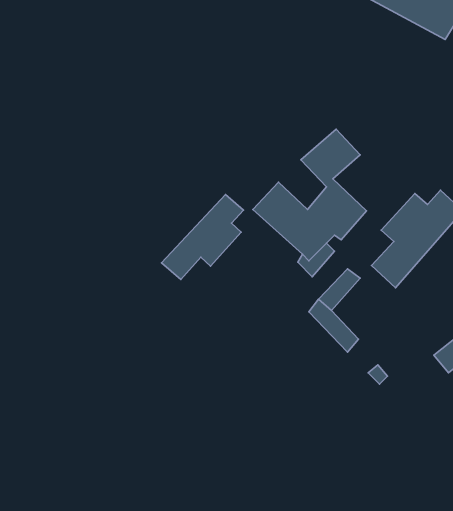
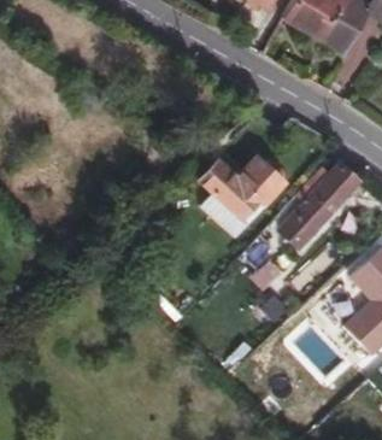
building: [161,194,244,280] -> none

